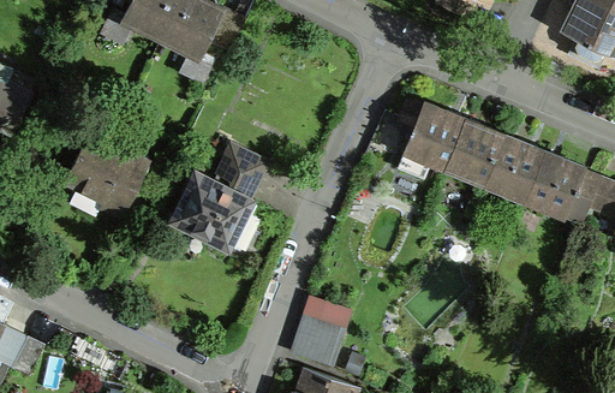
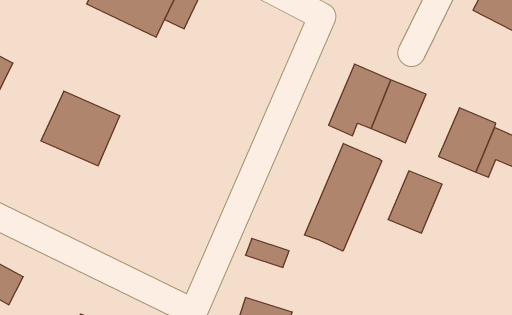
building: [483,131,545,203] -> [388,171,442,233]
building: [168,141,265,250] -> none
building: none -> [305,143,382,251]
building: [285,317,341,369] -> none

